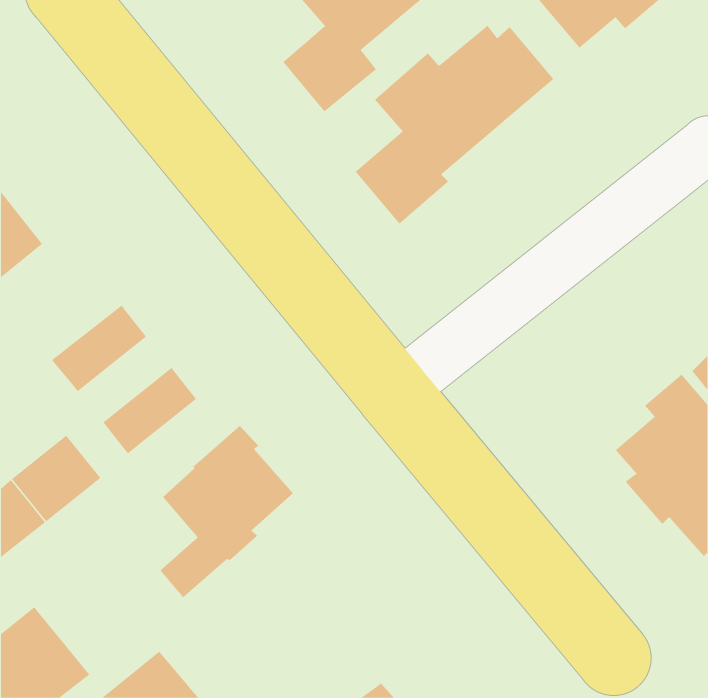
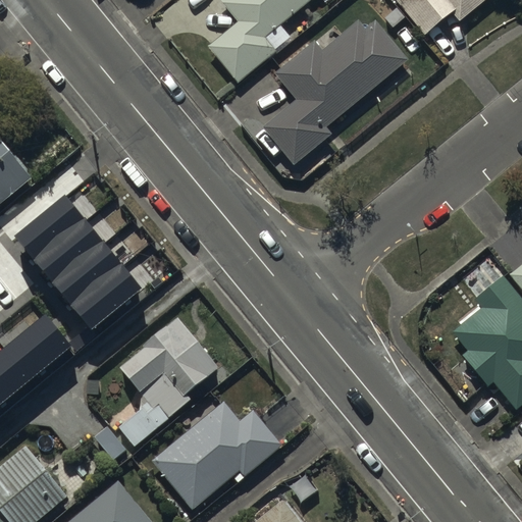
building: none -> [19,202,90,265]
building: none -> [57,248,126,311]
building: none -> [153,401,281,508]

